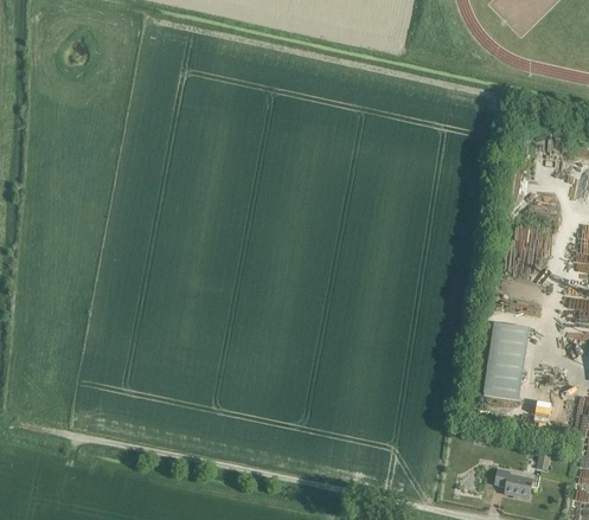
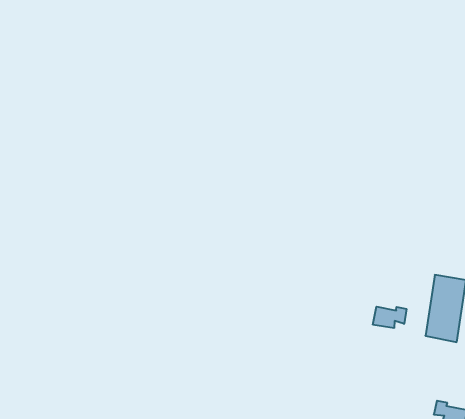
building: none -> [373,307,406,328]

